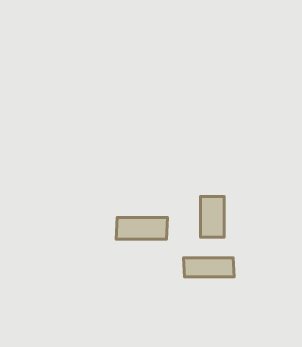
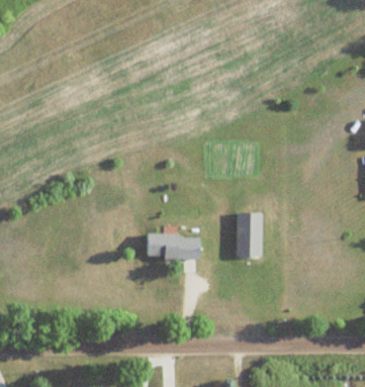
building: [184,258,234,277] -> none

